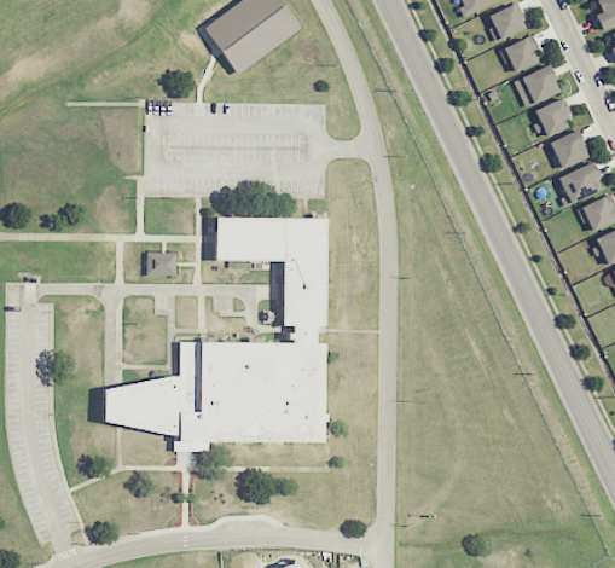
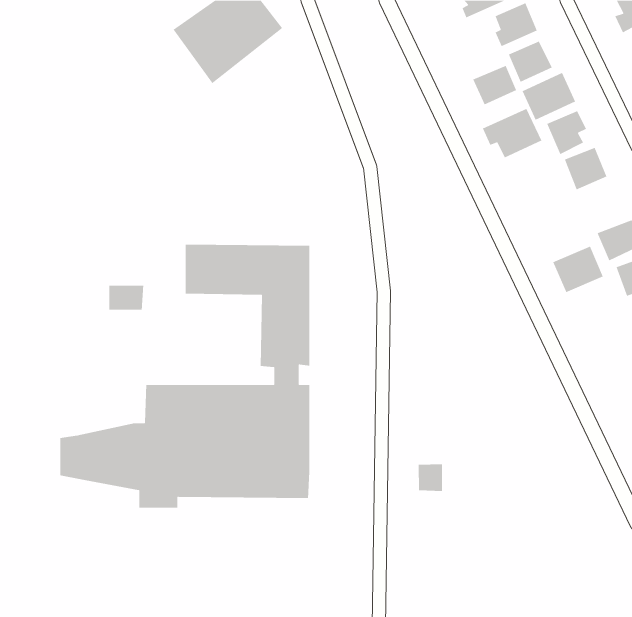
building: none -> [472,65,517,105]
building: none -> [482,108,542,158]
building: [559,162,605,204] -> [552,246,604,293]
building: none -> [418,464,443,492]

